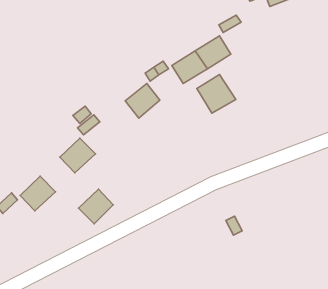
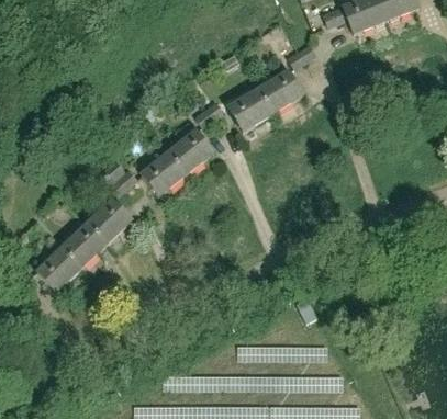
building: [197,75,236,113] -> none
building: none -> [142,151,187,195]
building: [79,189,113,224] -> [62,223,105,267]

